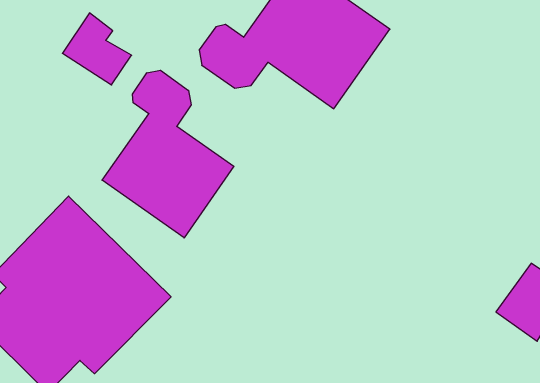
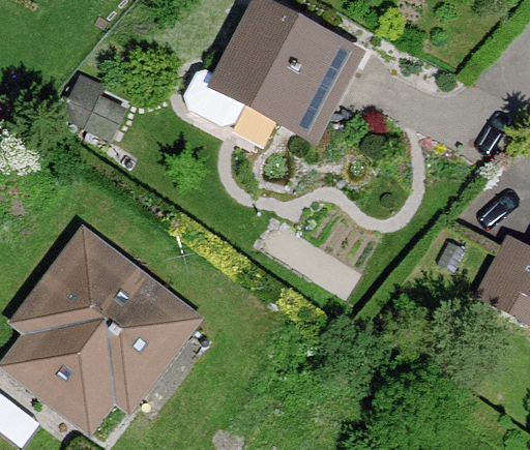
building: [102,70,234,238] -> none

